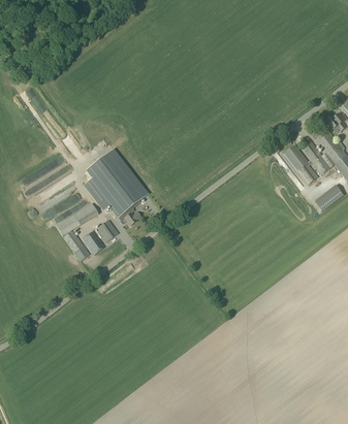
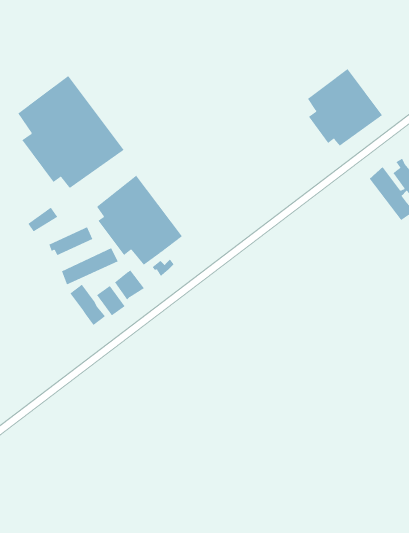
building: none -> [307,68,383,147]
building: none -> [17,75,124,189]

